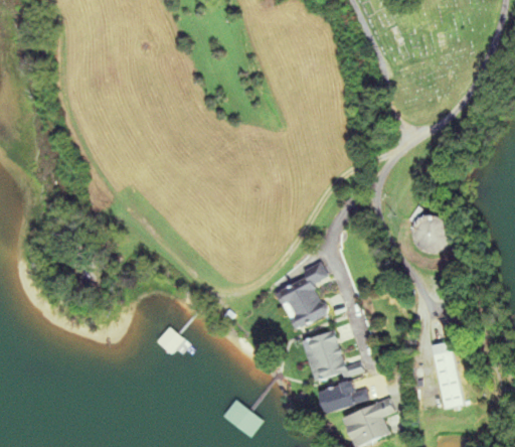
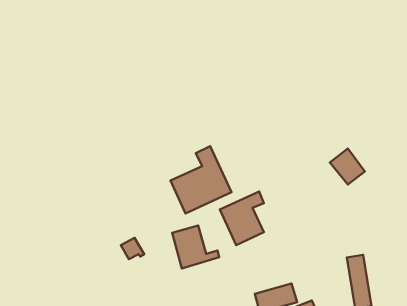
building: none -> [171,146,231,214]
building: [303,330,361,384] -> [172,225,219,268]

